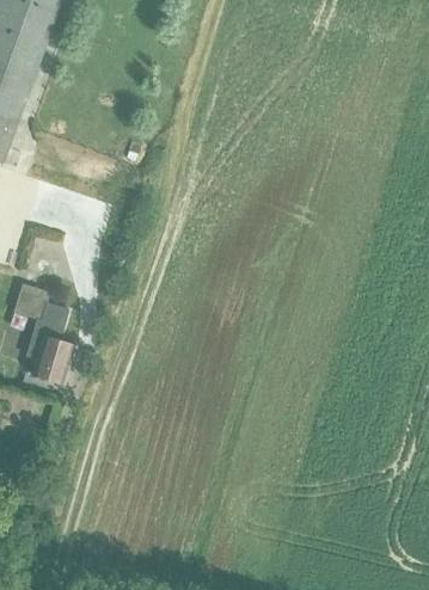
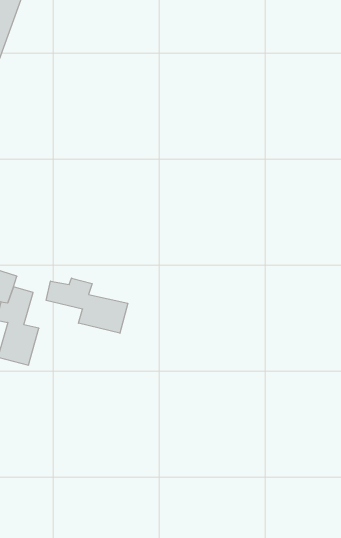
building: none -> [46,278,128,333]

